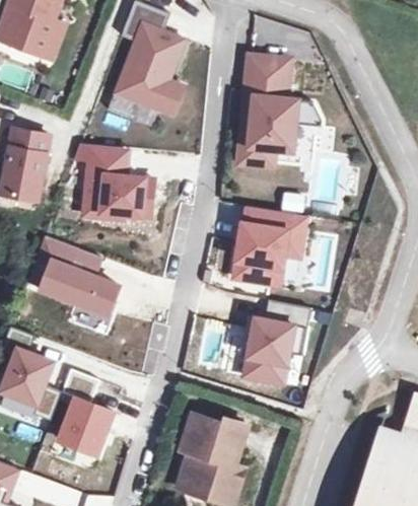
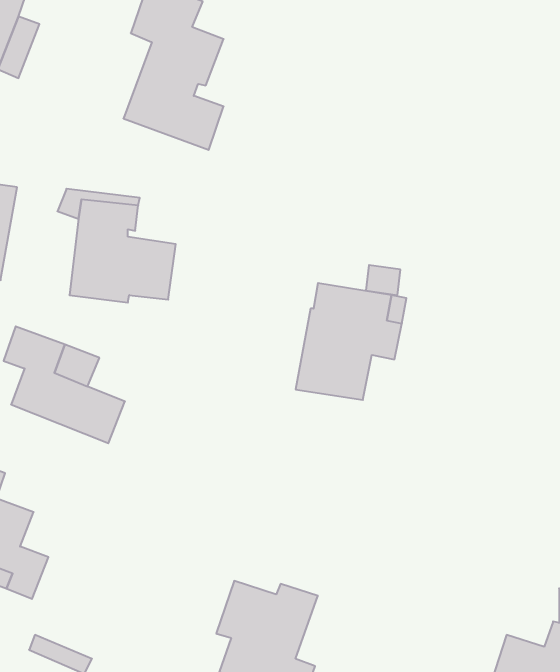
building: [239,56,323,166] -> none
building: [242,301,311,384] -> none
building: [63,396,117,453] -> none

